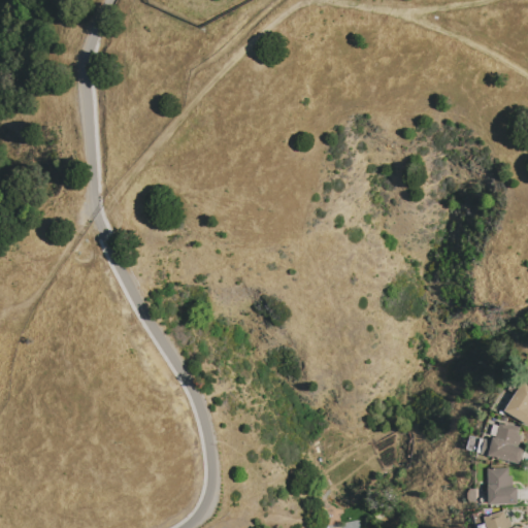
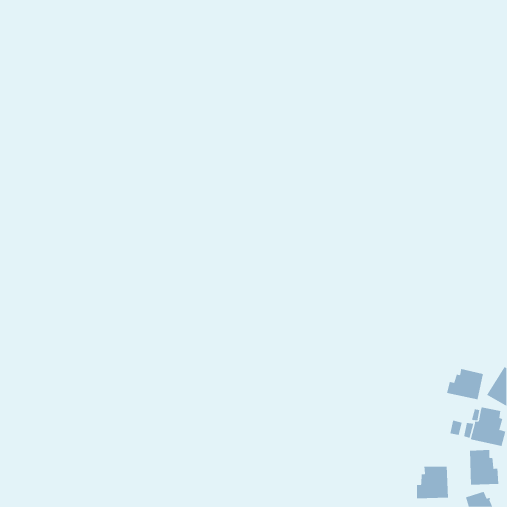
building: none -> [446,368,483,400]
building: none -> [416,466,448,499]

